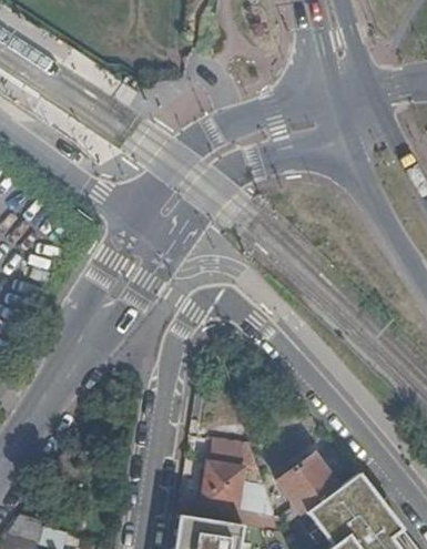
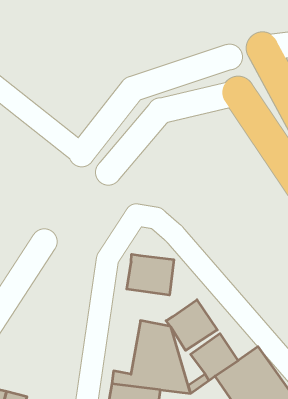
building: none -> [127,254,174,295]
building: none -> [166,300,217,350]

